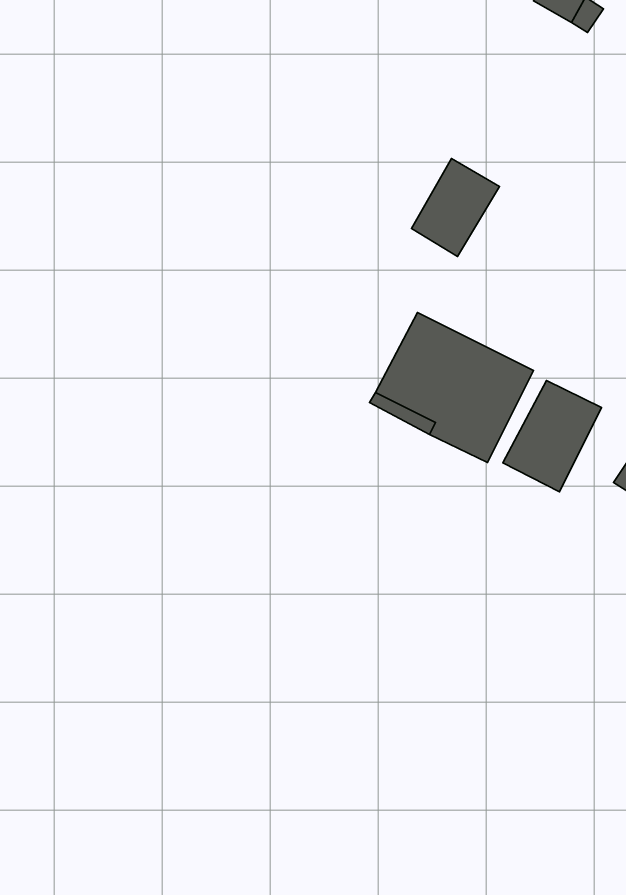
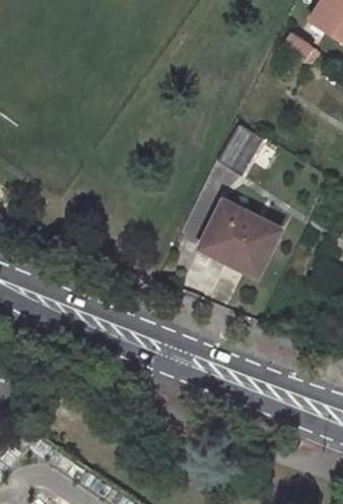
building: [503,380,602,492] -> none

